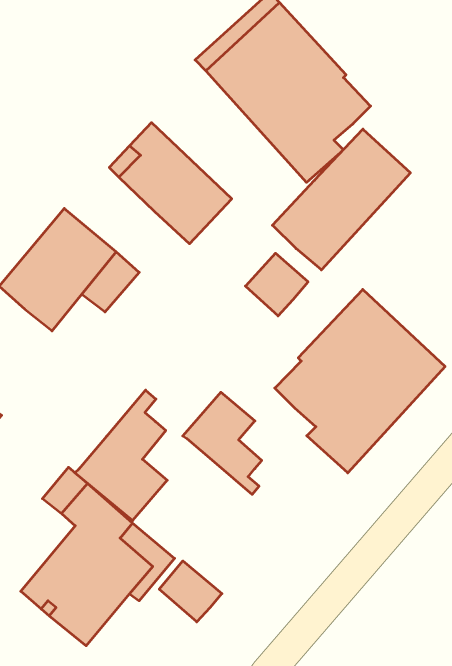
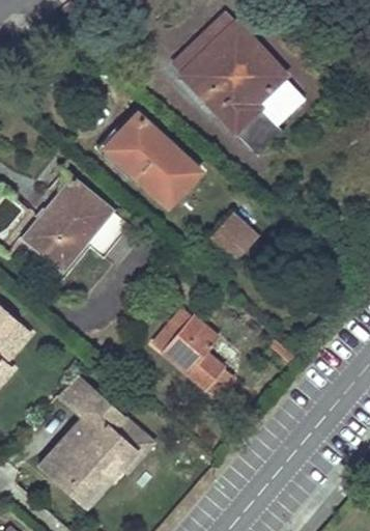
building: [272,129,410,270] -> none
building: [275,289,445,473] -> none
building: [75,390,167,521] -> none
building: [159,561,222,622] -> none

